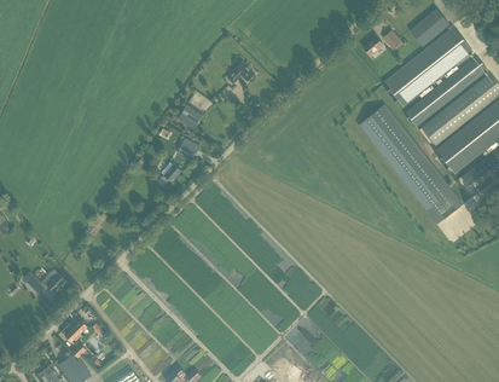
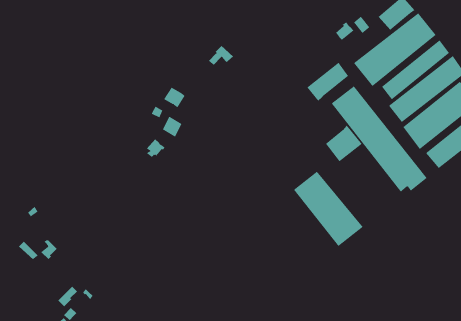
building: none -> [306,62,349,101]
building: none -> [325,125,362,162]
building: none -> [293,171,364,247]

